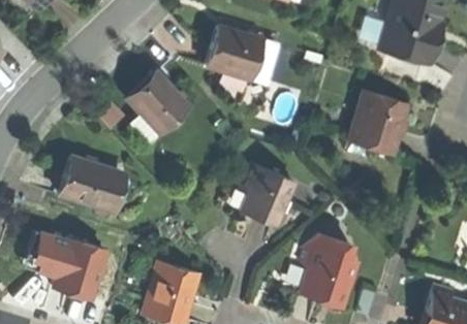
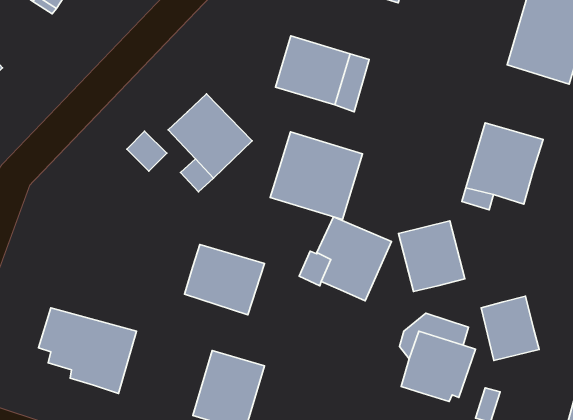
building: none -> [270,132,363,219]
building: [61,158,121,210] -> [185,244,264,315]
building: none -> [399,221,465,292]
building: none -> [481,296,539,361]

